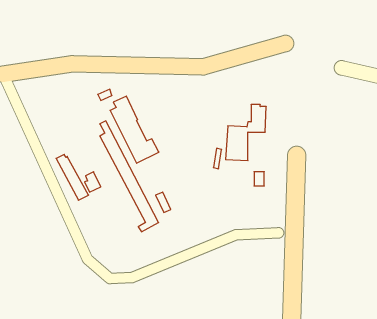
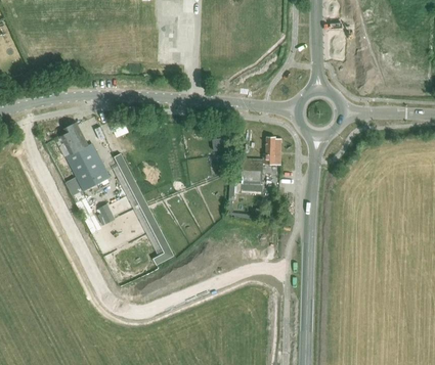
building: [110,96,159,163] -> [60,121,110,188]

